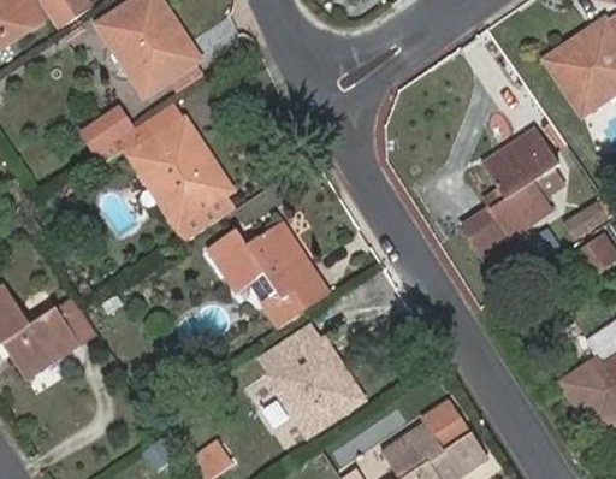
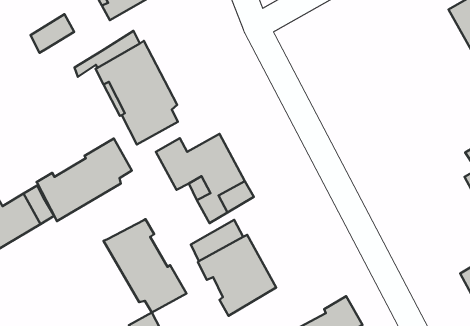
building: [84,111,136,159] -> [31,14,74,53]
building: [467,125,558,254] -> none
building: none -> [36,138,132,221]
building: none -> [103,219,187,313]

